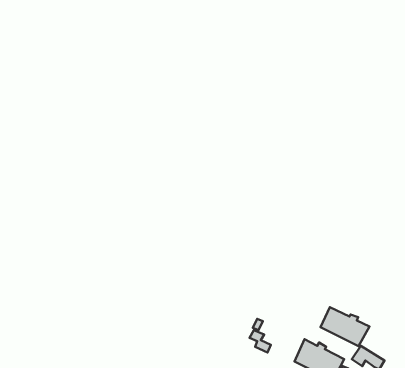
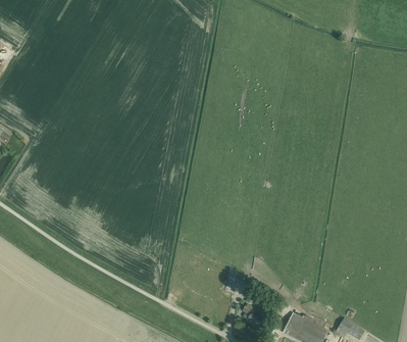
building: [320,307,370,346] -> none

